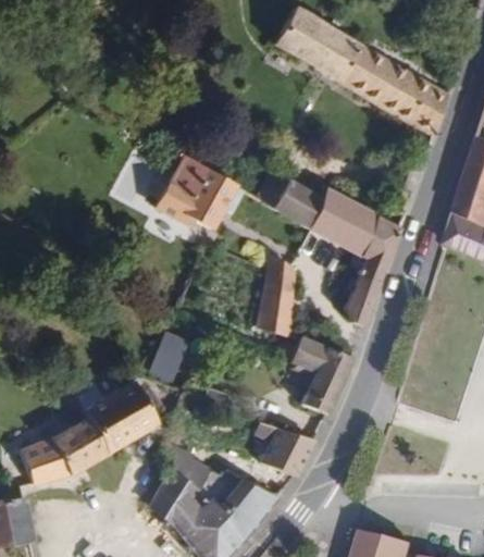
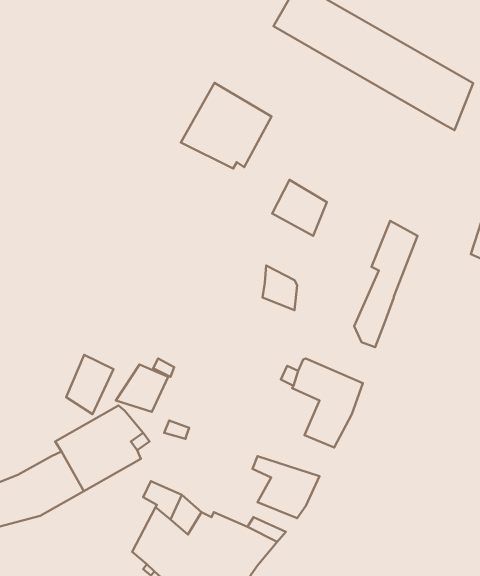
building: [156,156,235,231] -> [181,83,272,169]
building: [309,189,376,256] -> none
building: [262,283,293,336] -> none
building: none -> [66,355,113,414]

